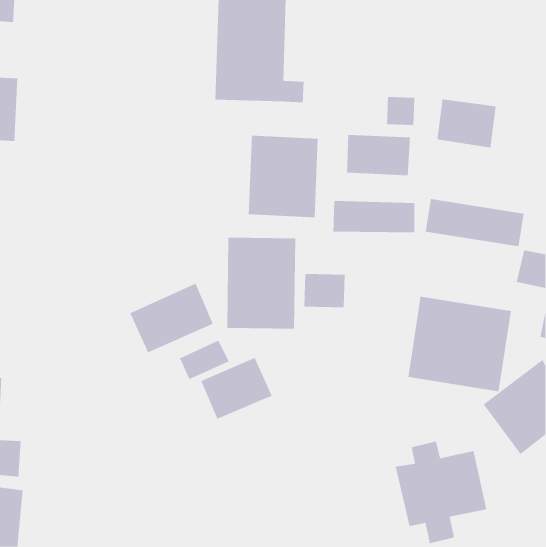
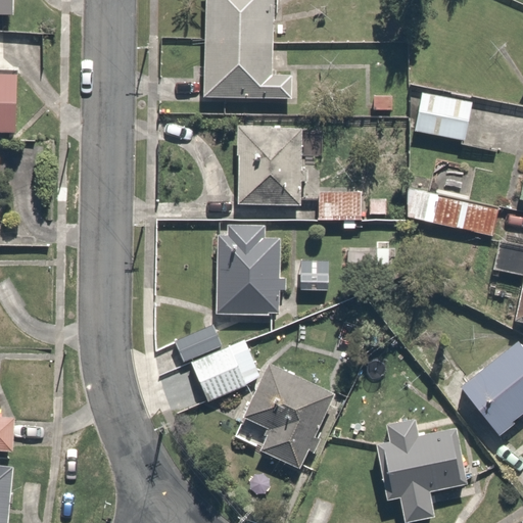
building: [346,134,411,176] -> none
building: [129,283,214,353] -> none
building: [408,296,511,392] -> none
building: none -> [245,363,336,468]

